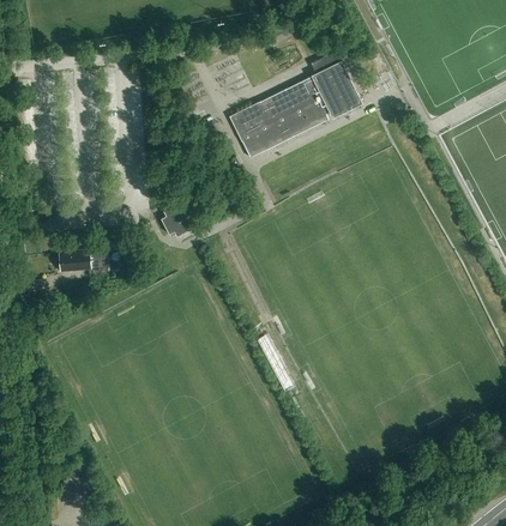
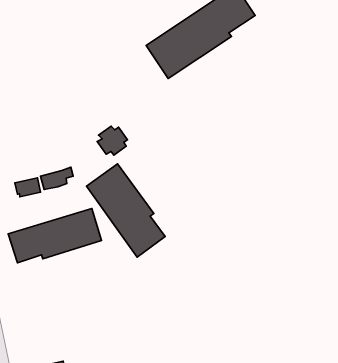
building: none -> [86,164,165,257]
building: none -> [8,209,101,263]

